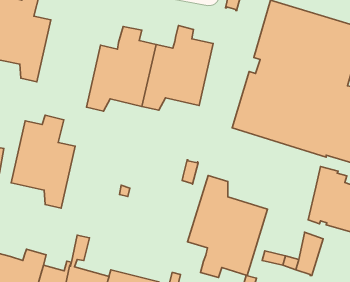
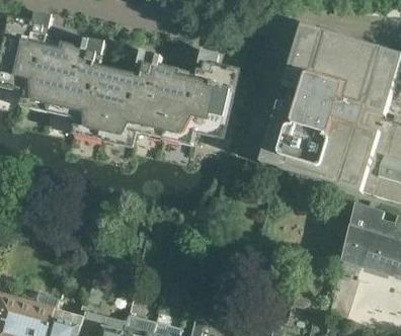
building: [11,115,75,208] -> [48,38,116,139]
building: [188,175,267,278] -> none

